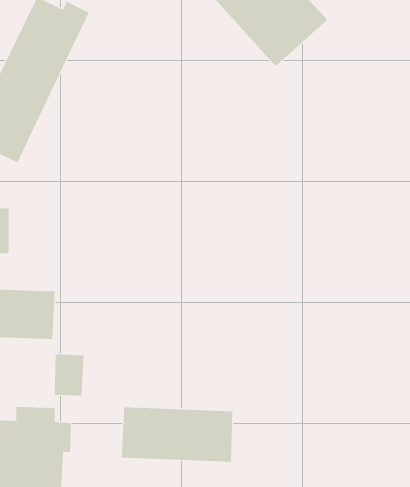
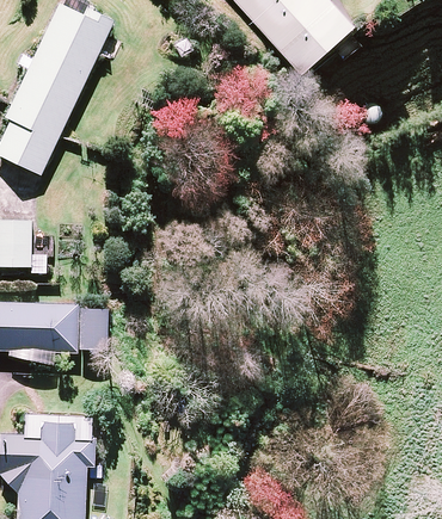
building: [54,354,84,396] -> [79,309,110,352]
building: [121,407,233,463] -> none

